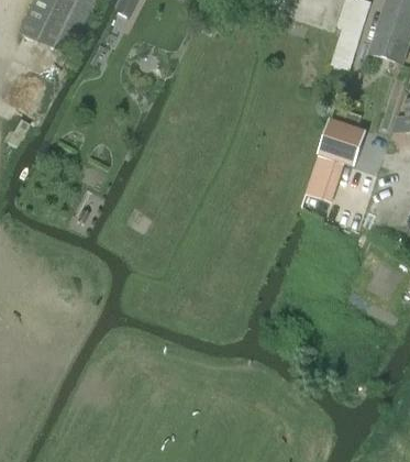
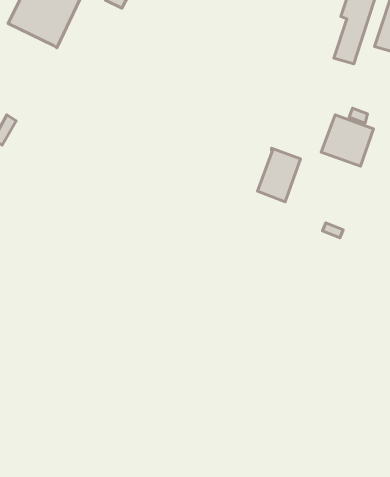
building: [304,152,345,202] -> [257,148,300,202]

